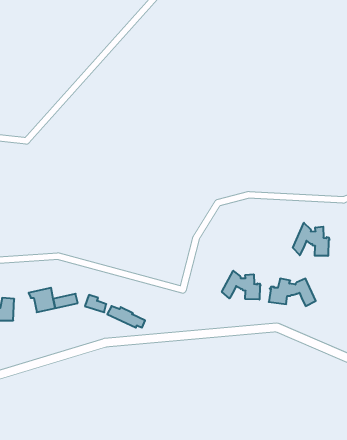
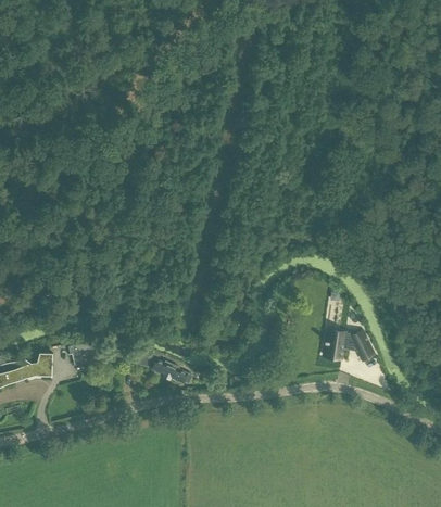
building: [293,223,329,256] -> none
building: [222,271,260,300] -> none

